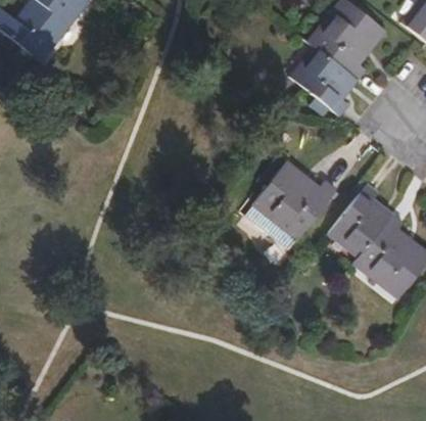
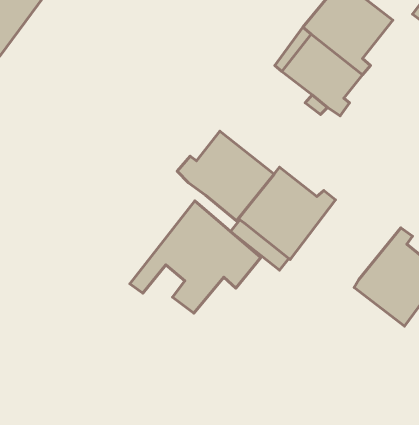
building: none -> [177,131,274,221]
building: [327,183,393,259] -> none
building: none -> [130,201,261,313]

